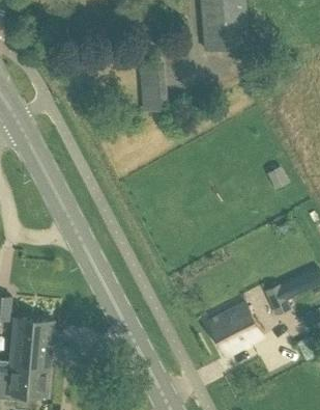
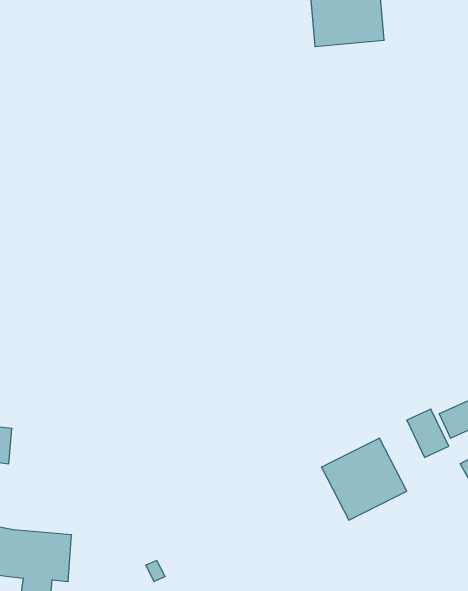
building: [138,59,167,111] -> none
building: [10,317,61,364] -> none

